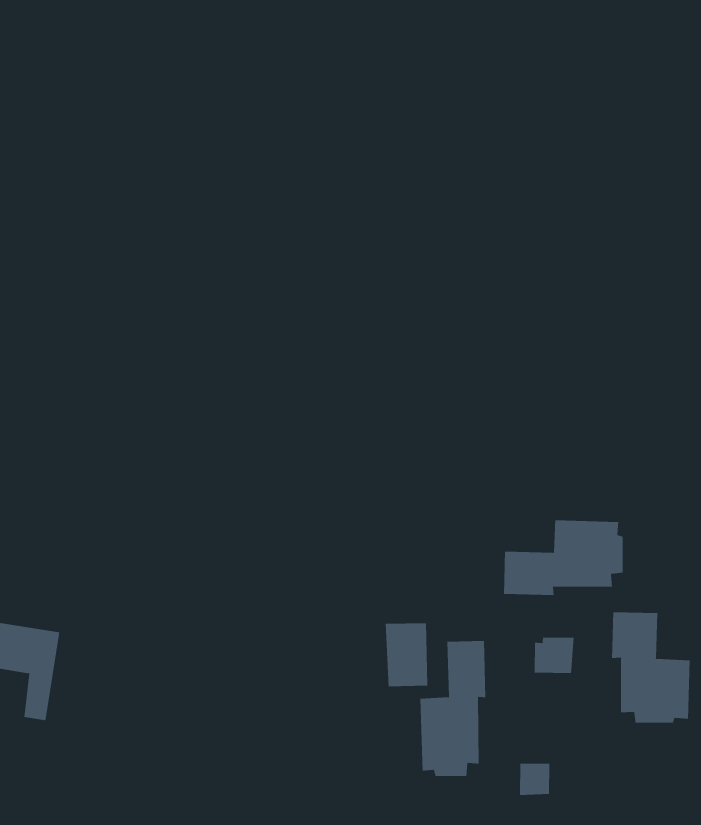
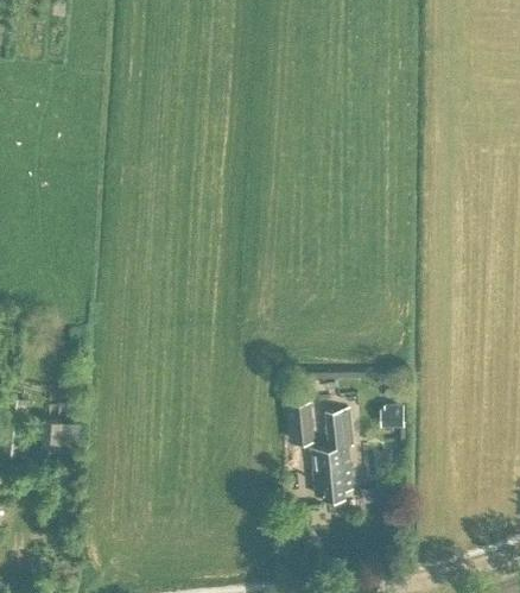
building: [504,519,623,596] -> none
building: [612,612,690,724] -> none

